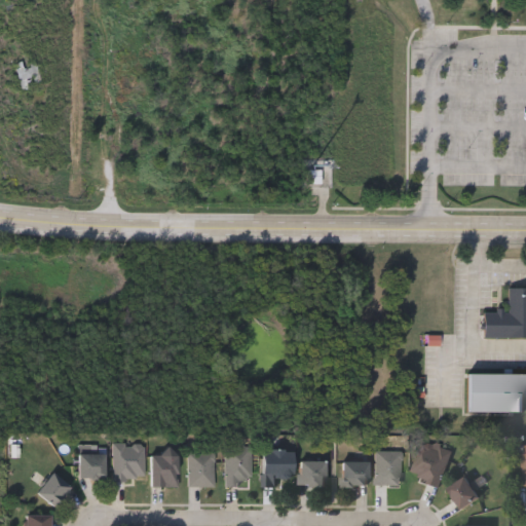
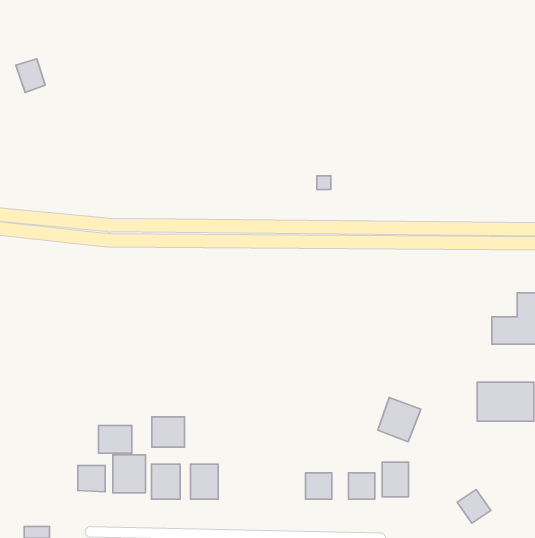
building: none -> [152,417,184,447]
building: none -> [98,426,132,453]
building: [411,442,453,485] -> [378,398,421,442]
building: [226,447,251,487] -> none
building: [264,451,295,487] -> none
building: [37,473,71,508] -> none

